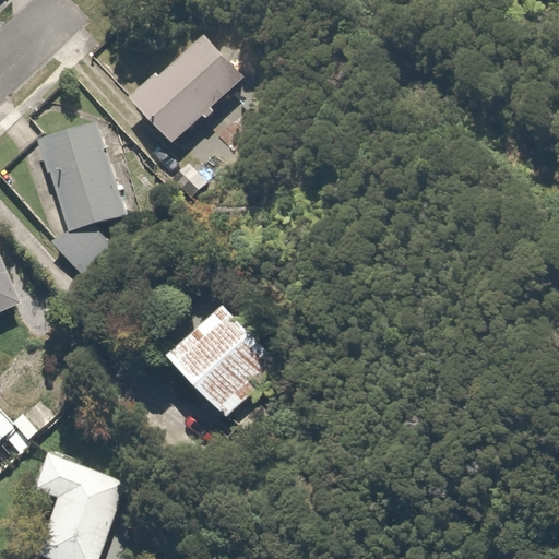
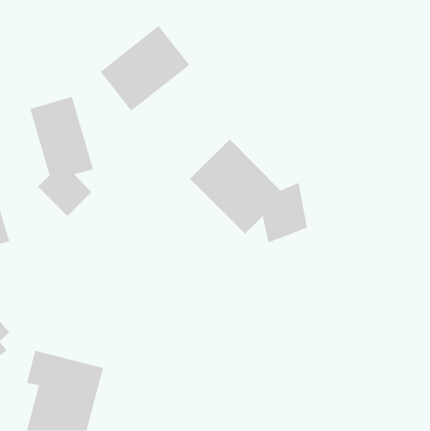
building: none -> [189,139,308,243]
building: [166,299,280,420] -> none

